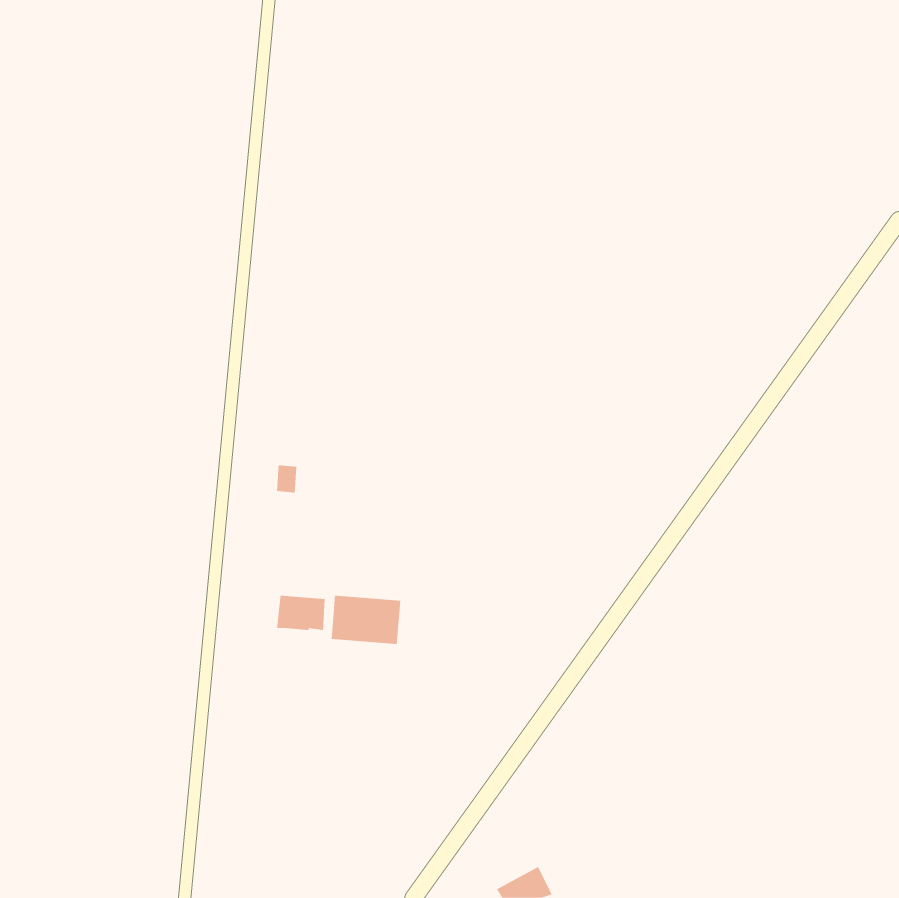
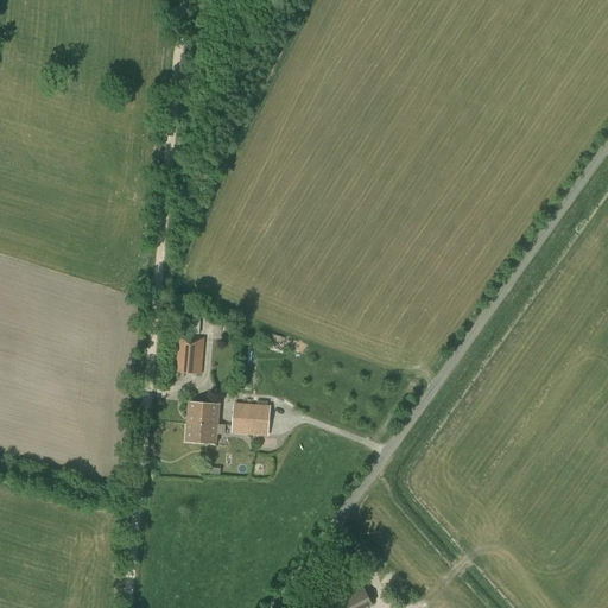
building: none -> [175,334,205,373]
building: none -> [185,424,218,443]

